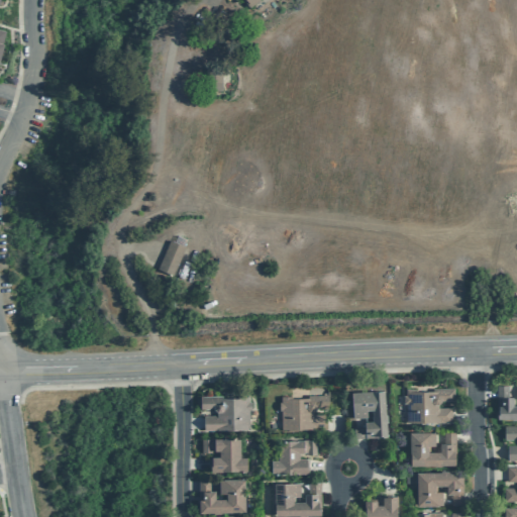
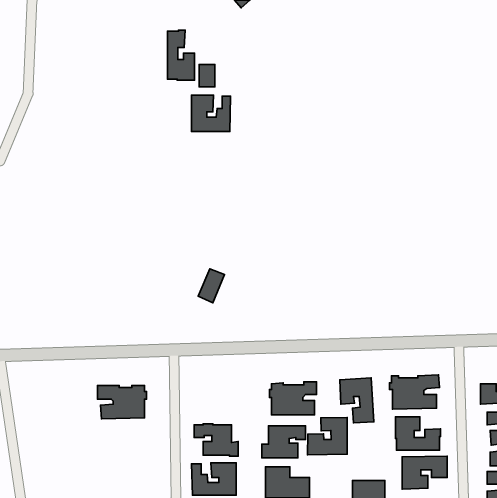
building: none -> [167,30,195,80]
building: none -> [192,95,231,132]
building: [160,241,187,277] -> [198,269,225,303]
building: [202,397,252,431] -> [98,386,146,419]
building: none -> [307,417,347,455]

